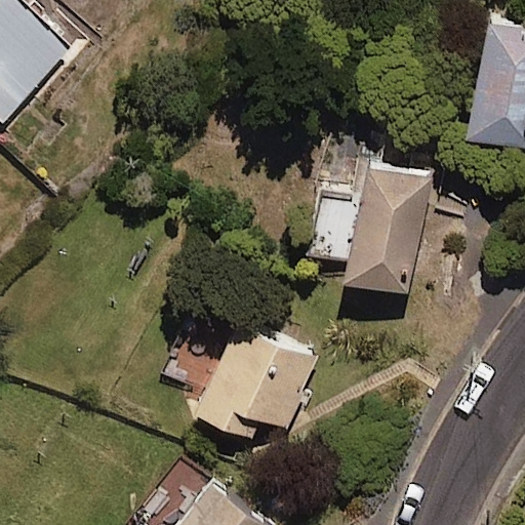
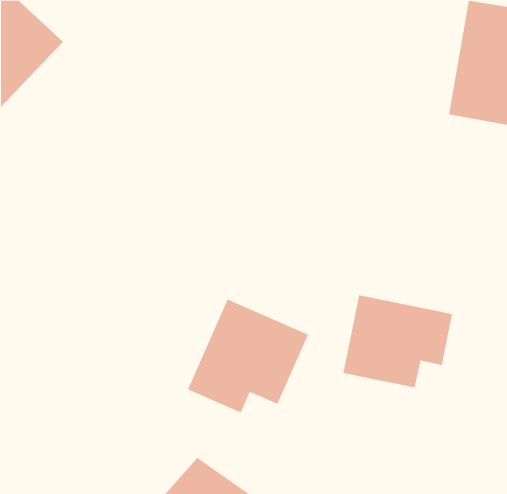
building: [341,161,432,291] -> none
building: none -> [343,295,452,388]

